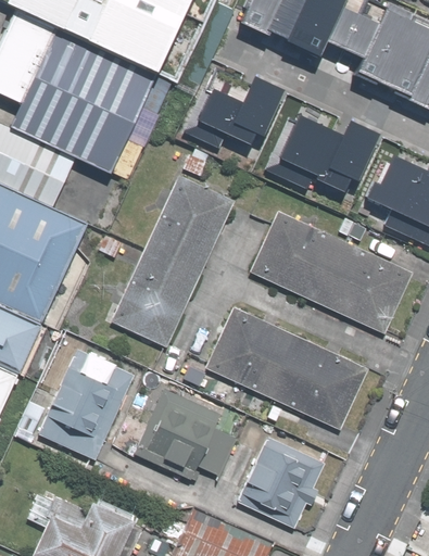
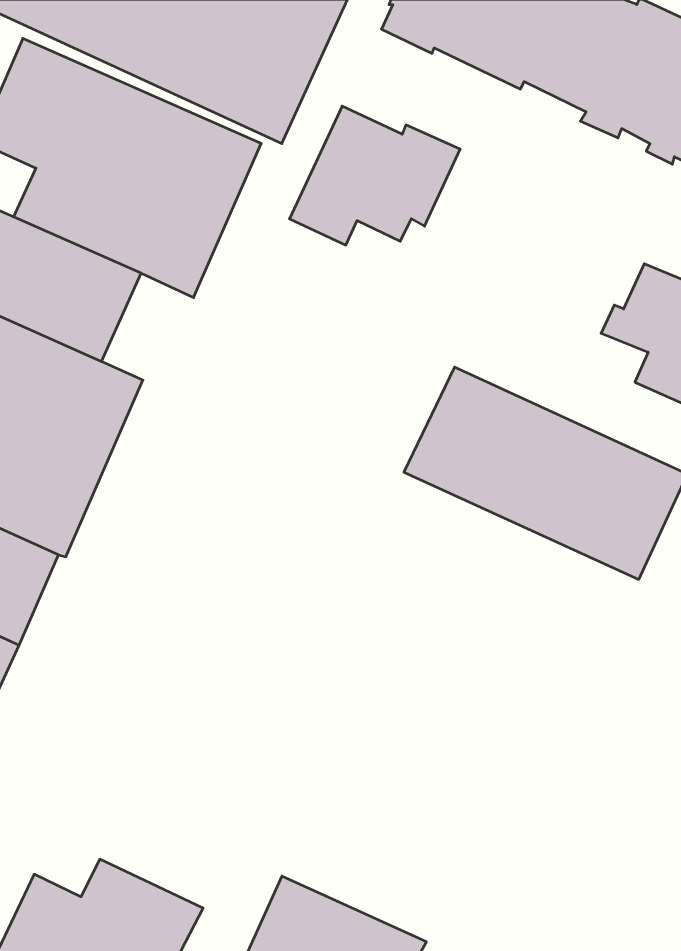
building: [261,110,375,187] -> none
building: [110,176,236,350] -> none
building: [204,308,369,432] -> none
building: [34,346,127,463] -> none
building: [122,388,225,484] -> none
building: [224,431,317,532] -> none

